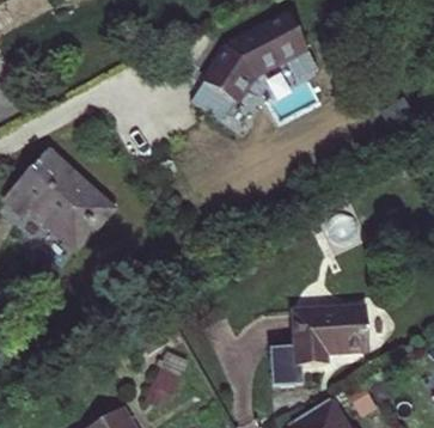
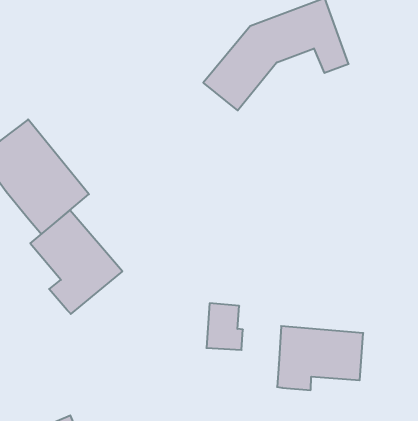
building: none -> [30,210,122,314]
building: [268,341,301,381] -> [206,303,243,350]

